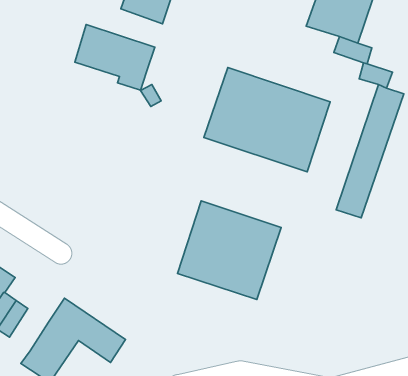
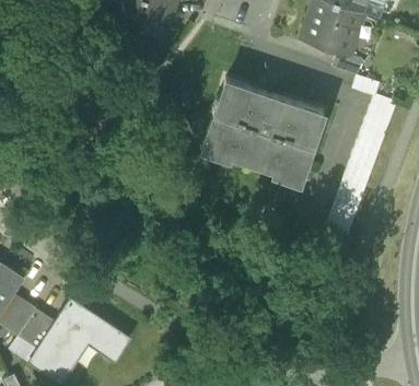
building: [75,24,155,90] -> none
building: [177,201,281,299] -> none
building: none -> [18,309,55,350]

